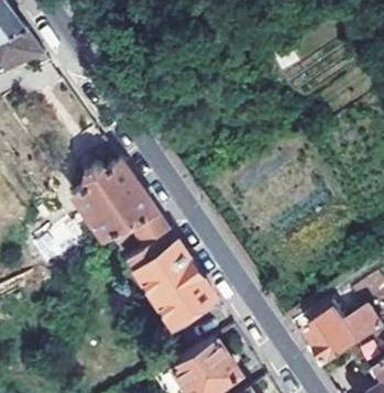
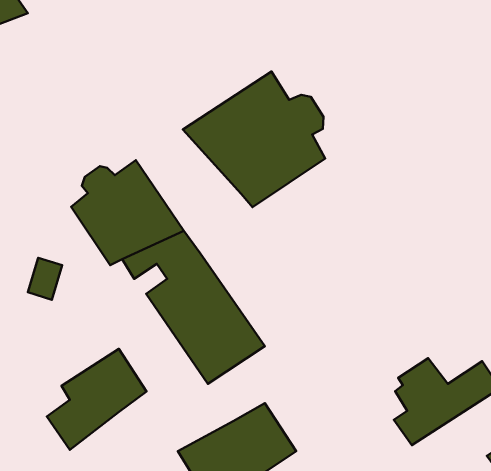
building: none -> [183,72,325,207]
building: none -> [47,349,147,450]

